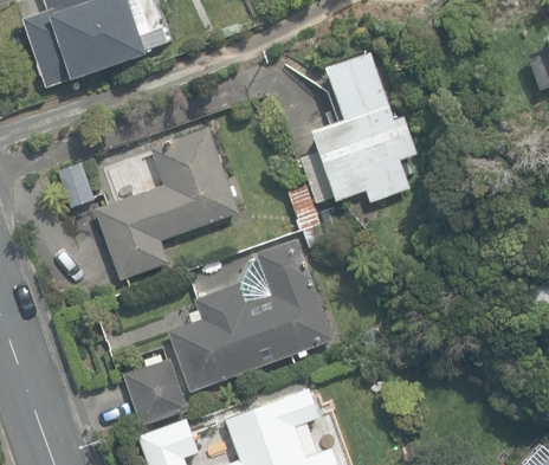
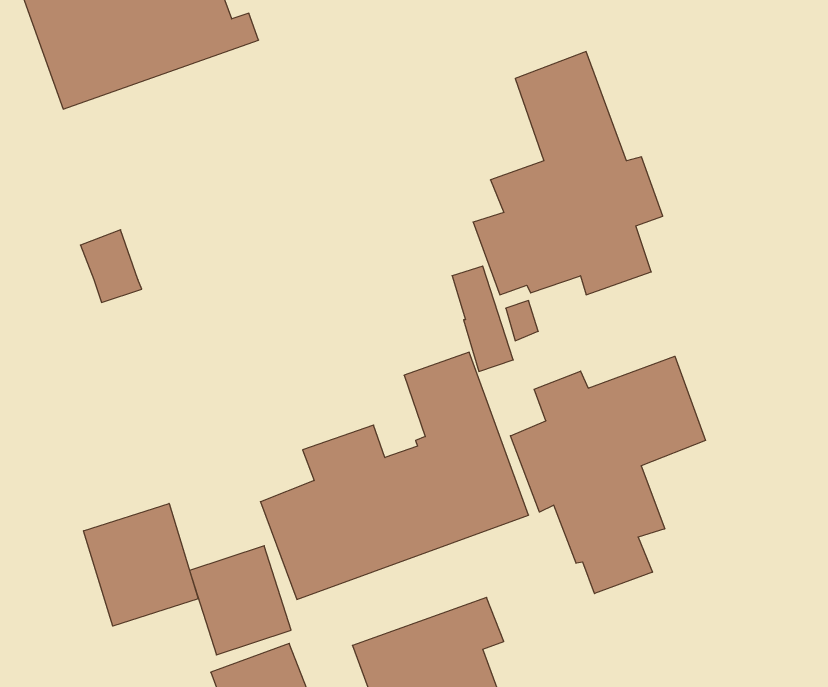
building: [96,127,238,278] -> none
building: none -> [510,356,705,594]
building: none -> [84,503,198,626]

